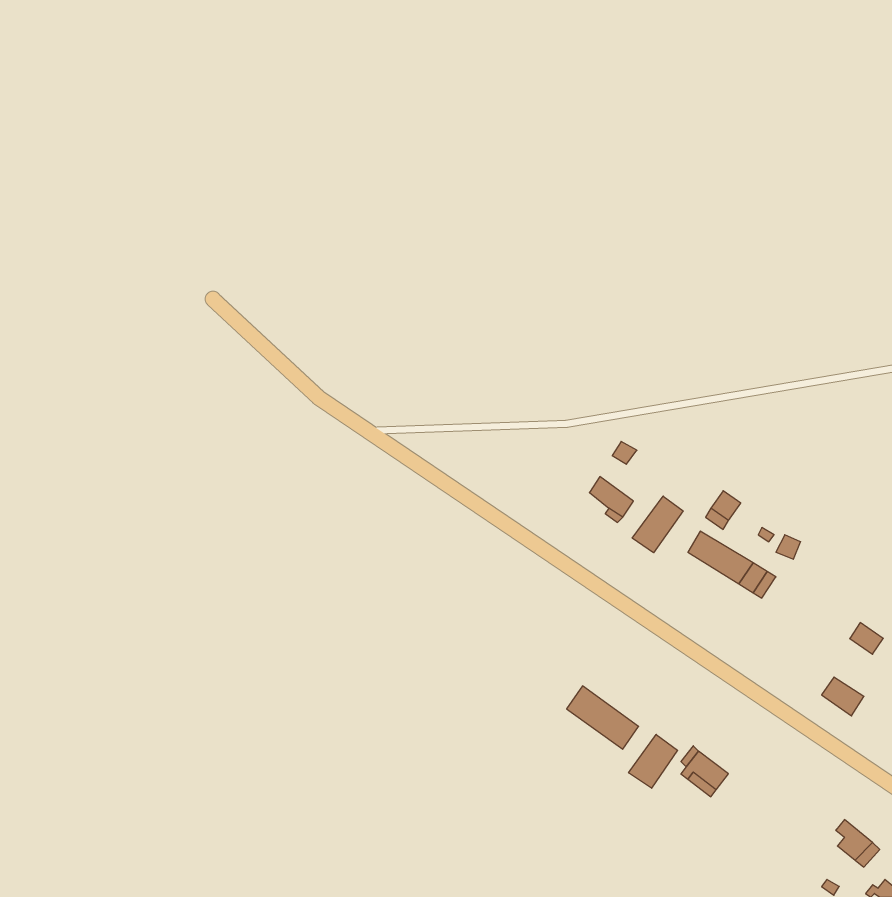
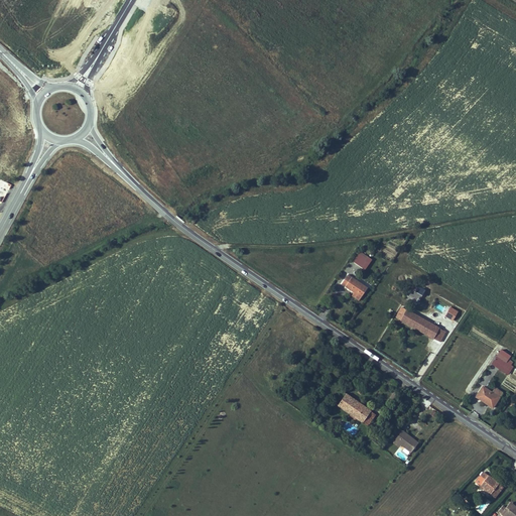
building: [632,496,683,553] -> none
building: [629,734,678,788] -> none

